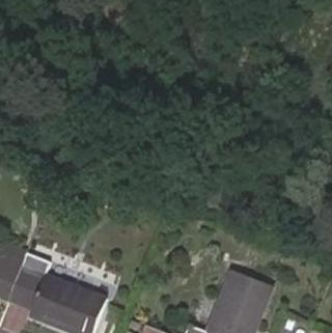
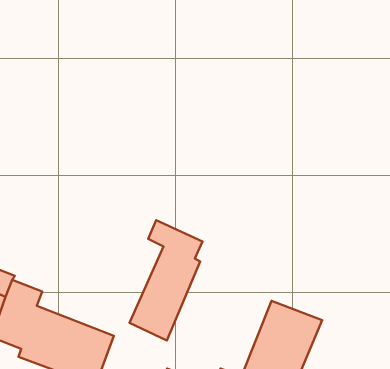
building: none -> [129,220,203,341]

